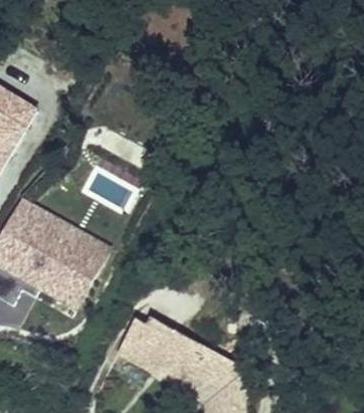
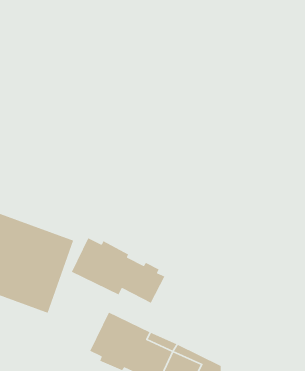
building: none -> [71,237,166,304]

